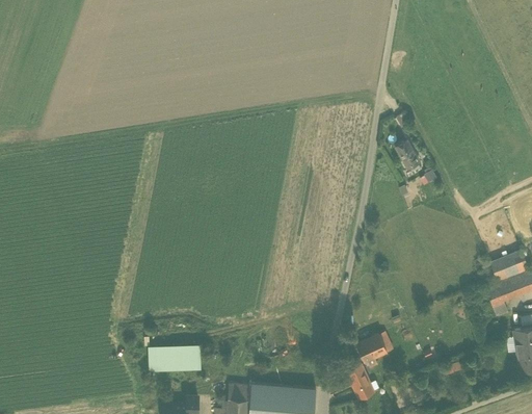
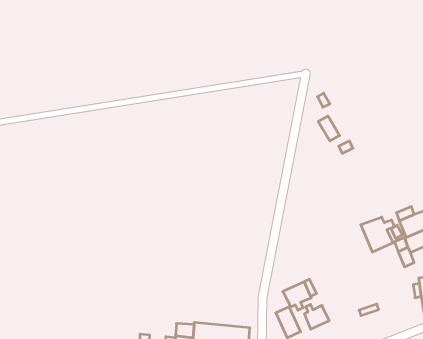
building: none -> [361,217,394,252]
building: [150,346,201,370] -> none
building: none -> [305,304,329,329]

